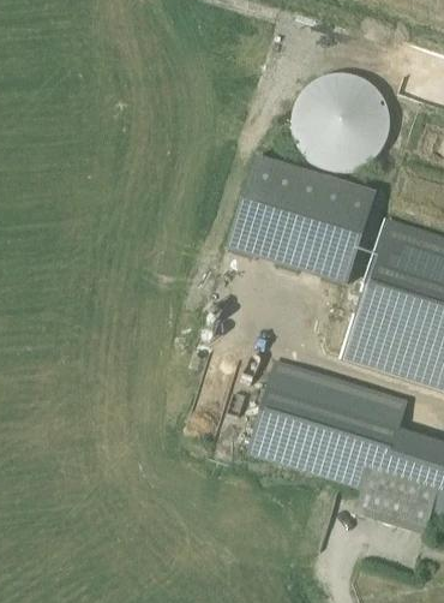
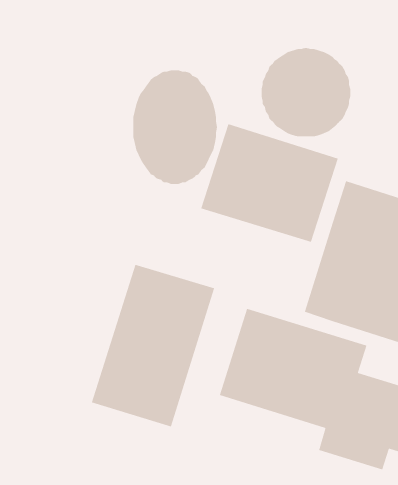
building: none -> [133,69,218,185]
building: none -> [91,264,215,427]

